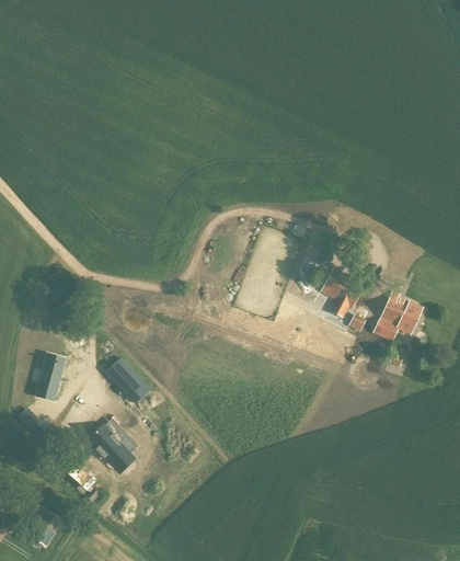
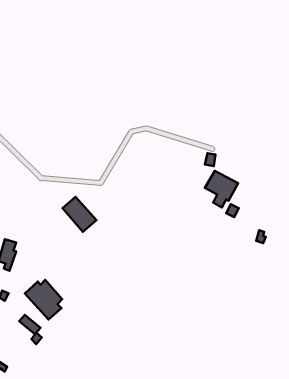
building: [373,290,422,339] -> none
building: [103,358,149,405] -> [63,197,97,232]

